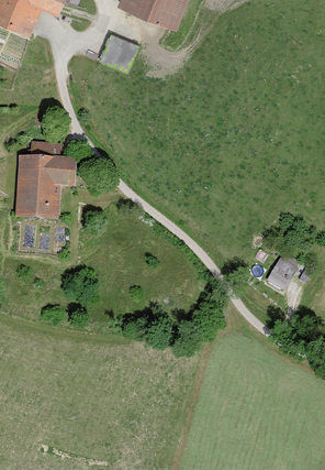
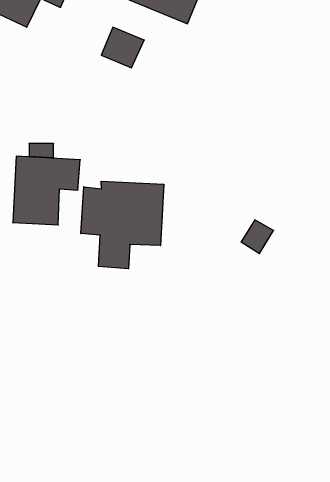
building: none -> [81,181,164,269]
building: [264,261,294,293] -> [241,220,274,254]

